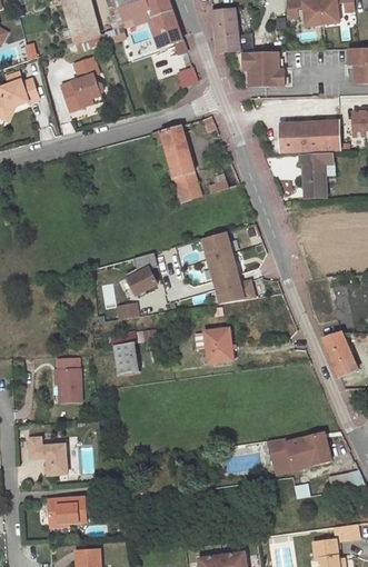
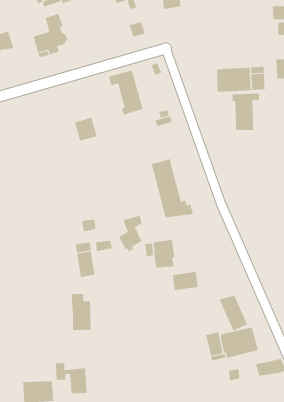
building: [241,51,284,86] -> none
building: [172,172,200,201] -> [74,117,97,141]
building: [127,252,156,297] -> [118,215,142,252]
building: [321,332,356,376] -> [219,295,248,331]
building: [56,357,80,401] -> [71,293,92,331]
building: none -> [172,271,198,291]
building: [28,438,67,476] -> [55,362,88,394]

